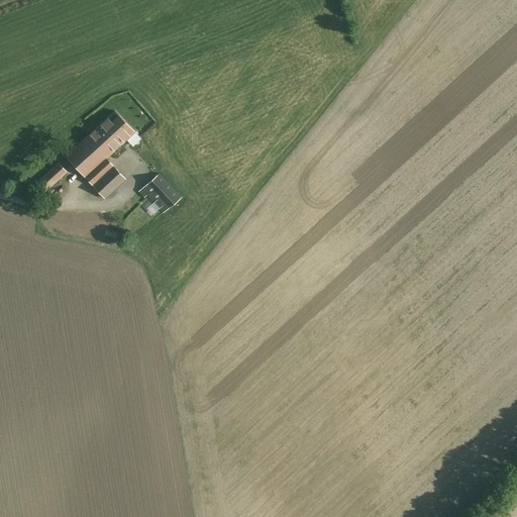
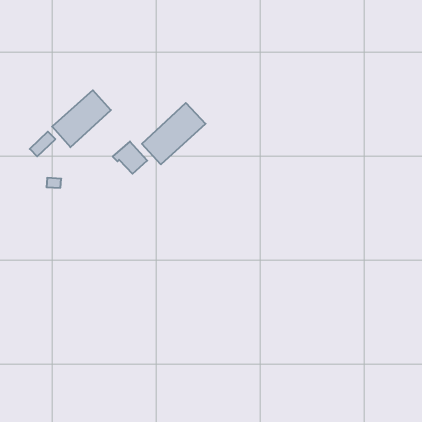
building: none -> [142,103,206,164]
building: [91,166,125,200] -> none

